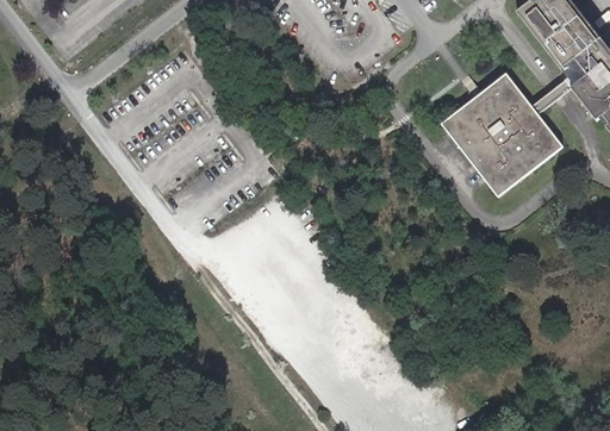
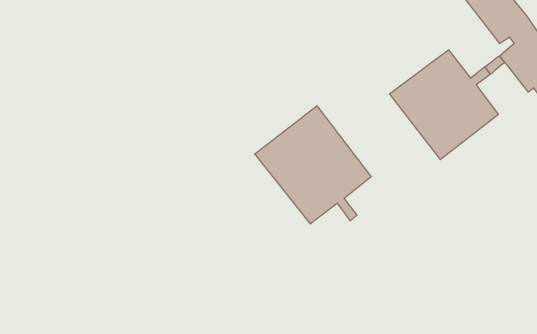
building: none -> [255,106,371,224]

